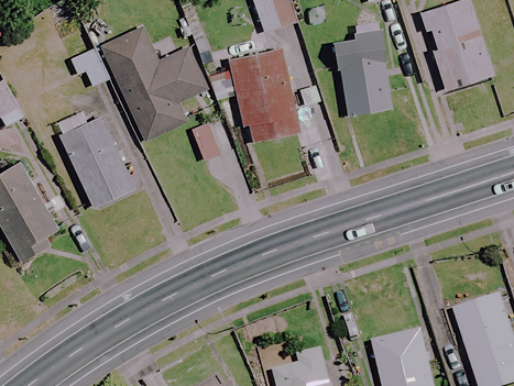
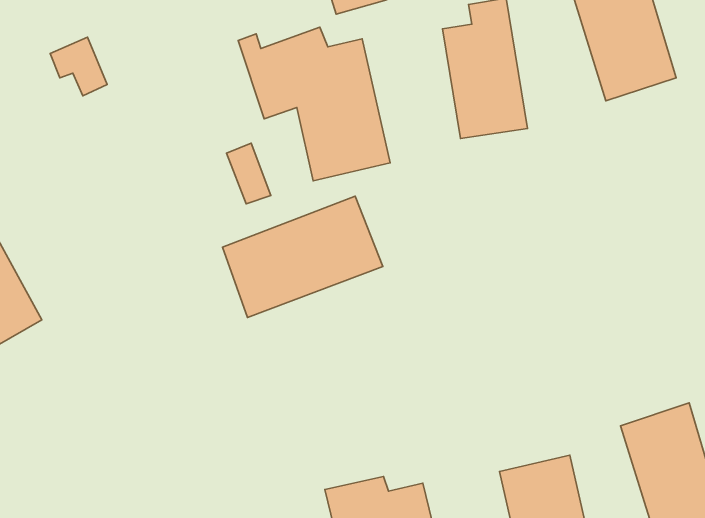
building: [101,29,206,141] -> none
building: [54,114,134,208] -> none
building: none -> [223,196,383,317]

